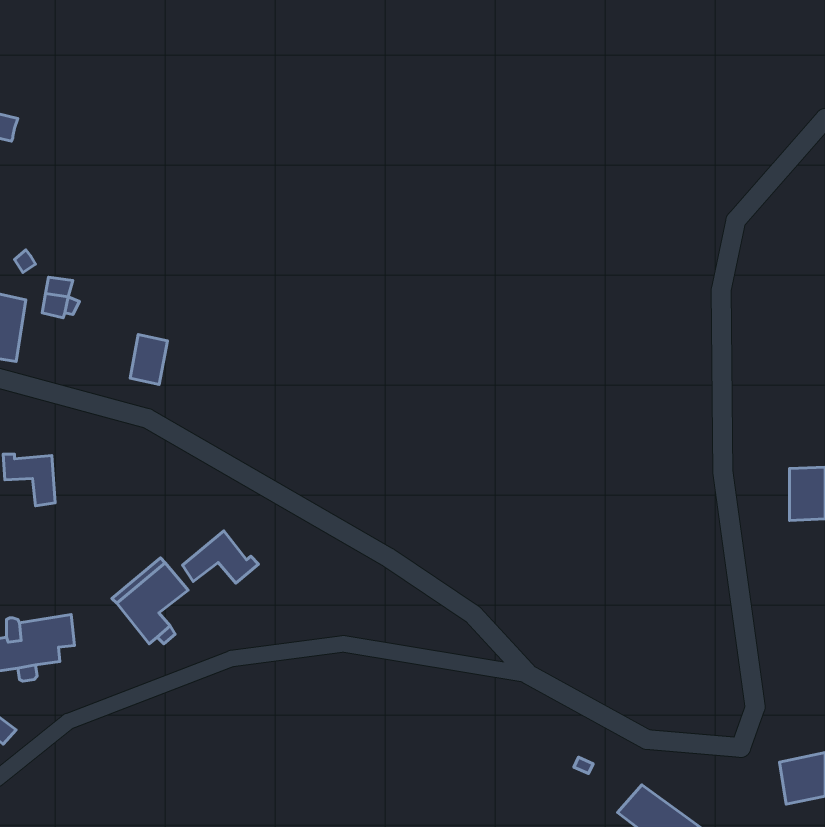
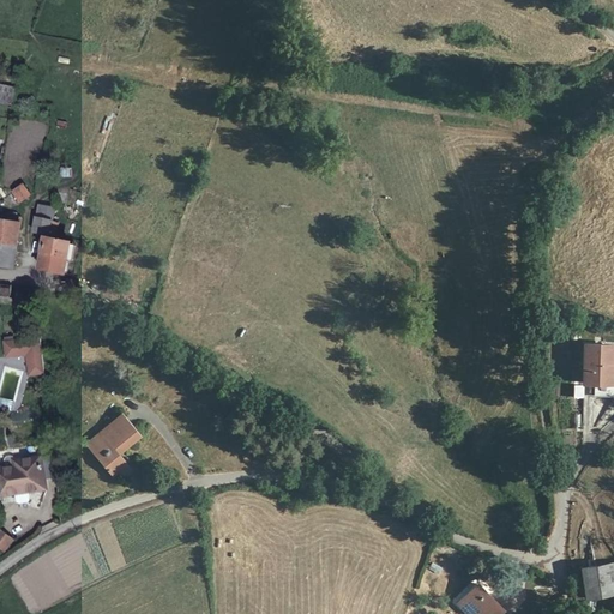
building: [130,334,167,385] -> [38,239,66,276]
building: [182,531,258,583] -> none

